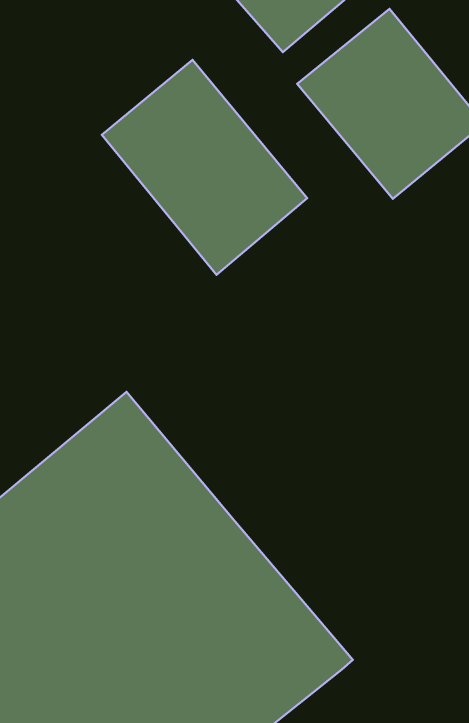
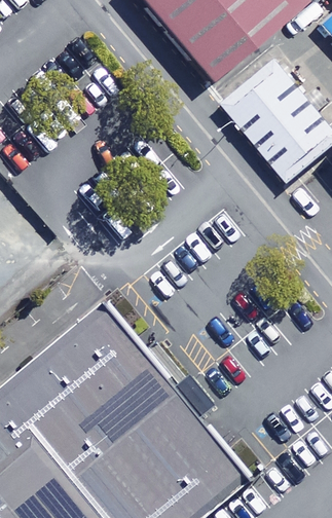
building: [102,60,307,275] -> none

